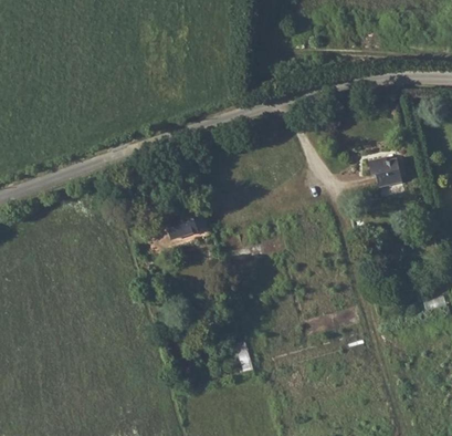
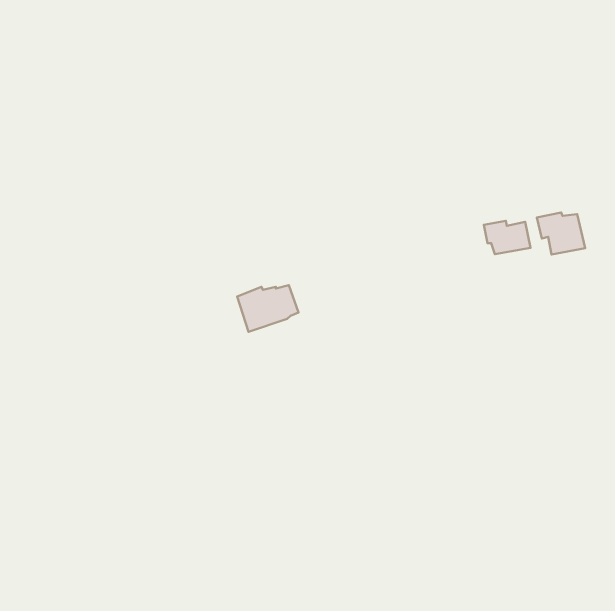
building: none -> [484,221,531,254]

